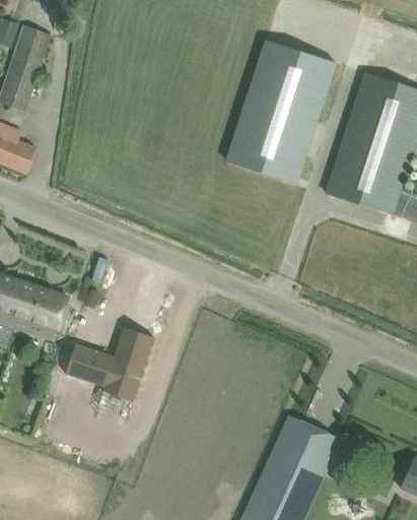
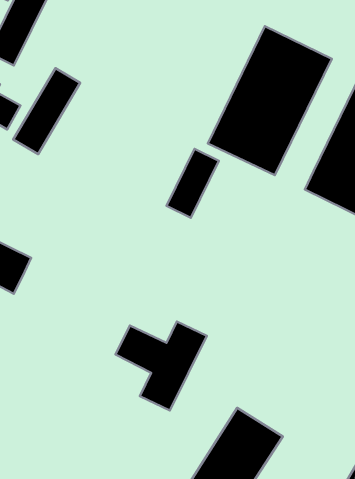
building: none -> [13,68,80,154]
building: none -> [167,149,219,218]
building: [65,332,152,420] -> [115,322,207,411]

